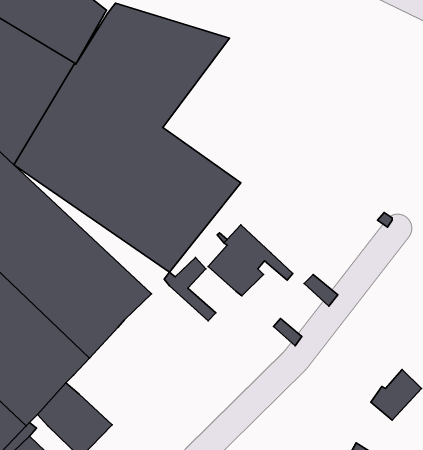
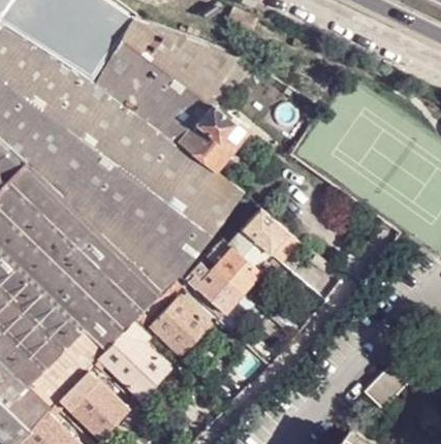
building: none -> [182,100,250,164]
building: none -> [246,210,301,273]
building: none -> [197,266,242,309]
building: none -> [139,287,208,353]
building: none -> [102,336,166,399]

